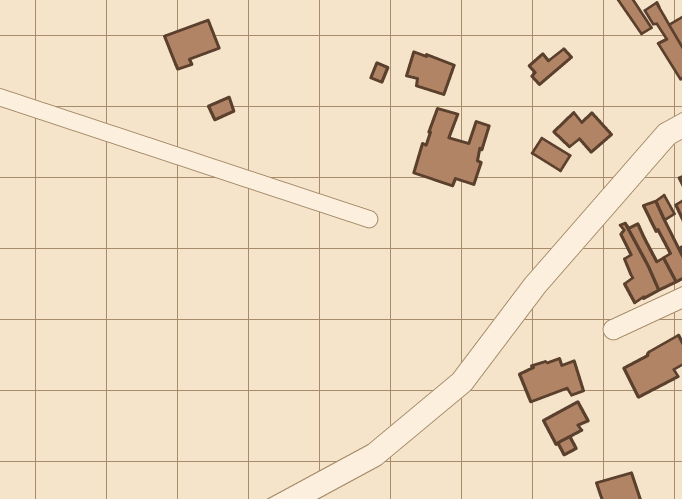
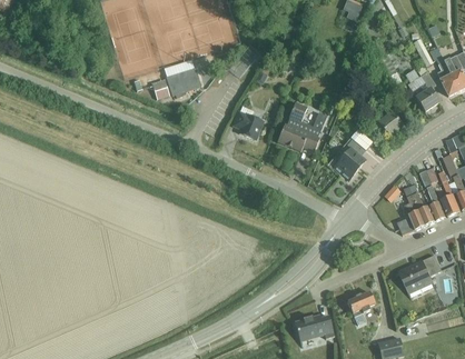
building: [165,20,219,69] -> [167,69,200,98]
building: none -> [405,66,438,111]
building: [407,52,454,94] -> [234,111,264,139]
building: none -> [334,138,366,179]
building: [520,358,584,402] -> [295,315,334,340]

